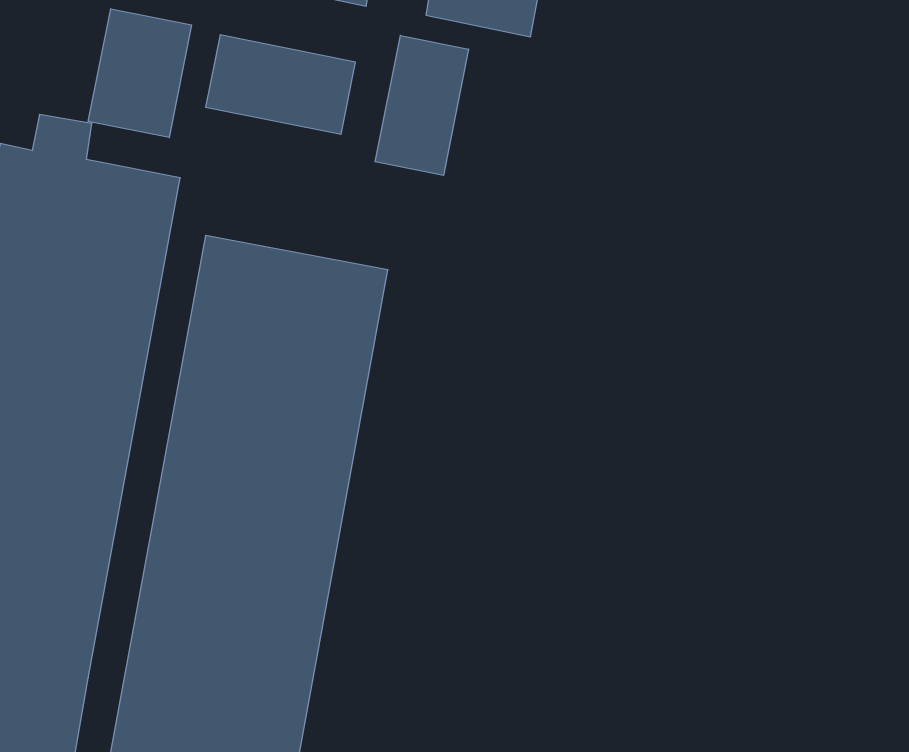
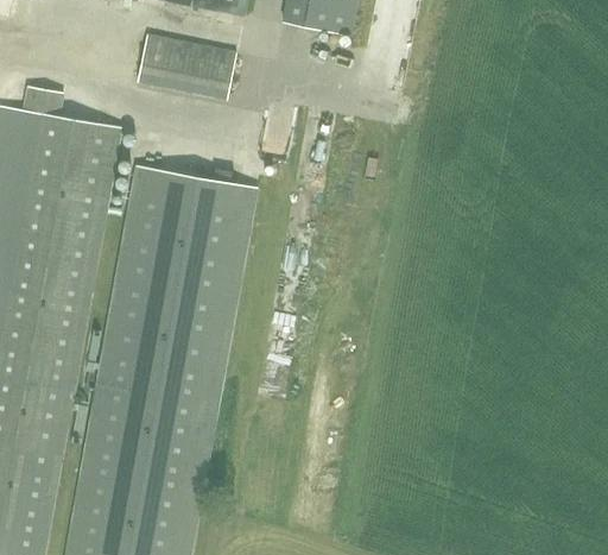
building: [88,9,192,138] -> none
building: [375,35,469,175] -> none

